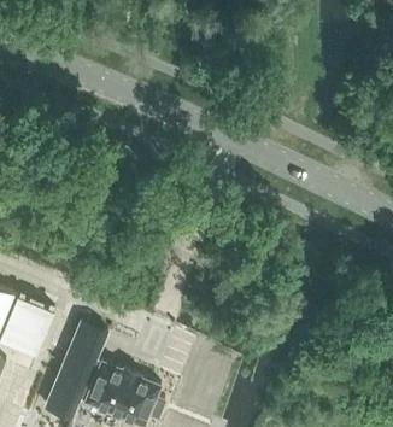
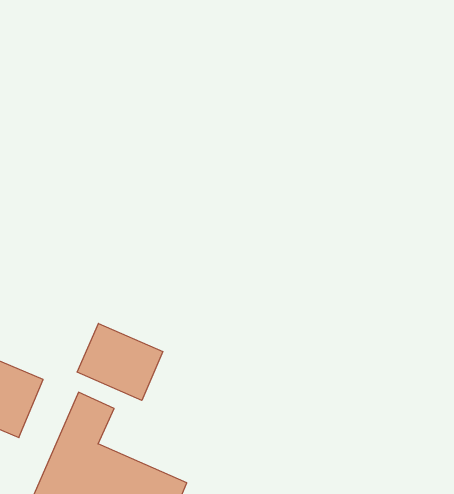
building: none -> [77,323,163,400]

